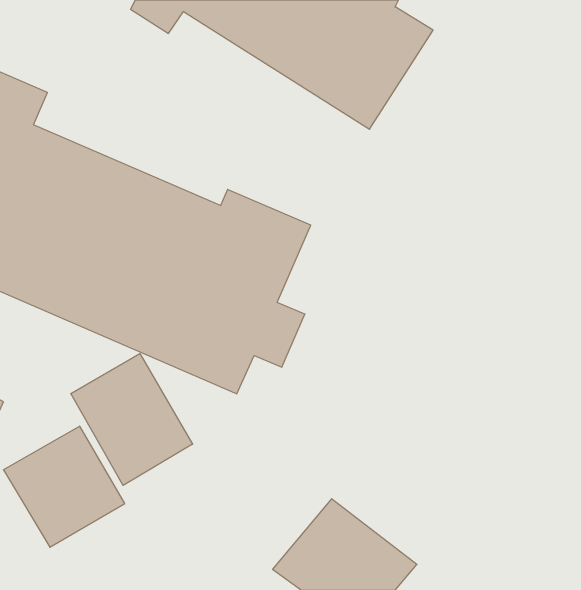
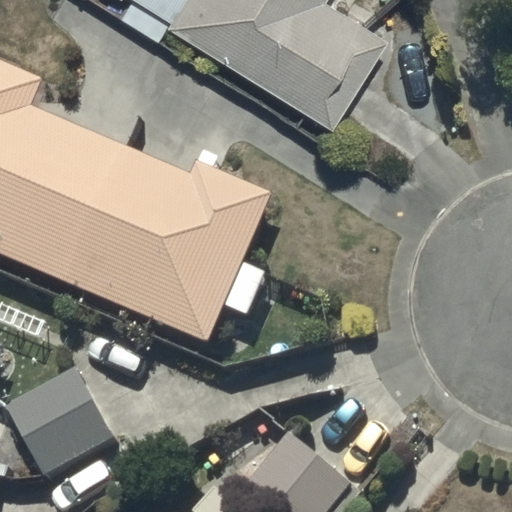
building: [71,354,193,485] -> none

